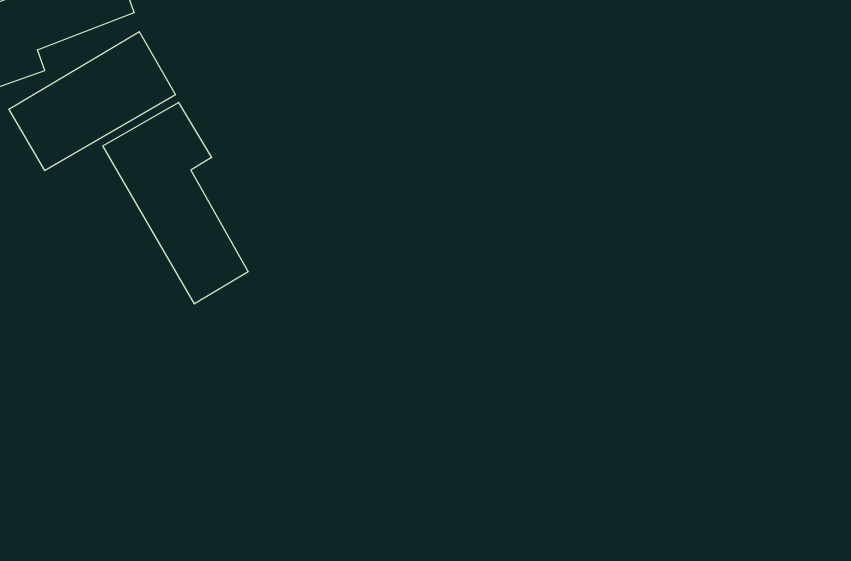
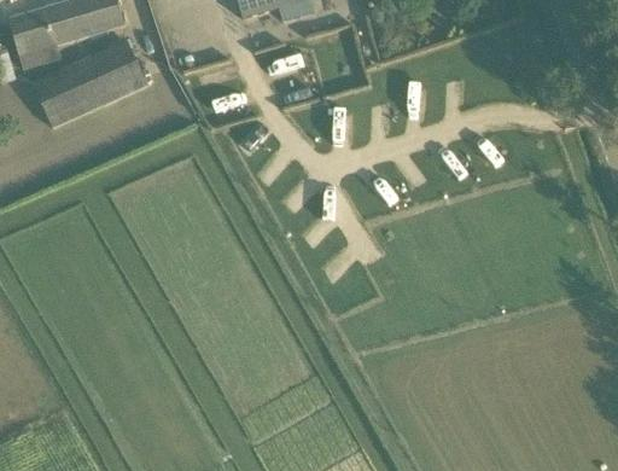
building: [103,102,248,304] -> none

